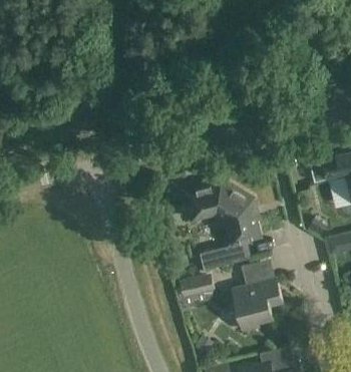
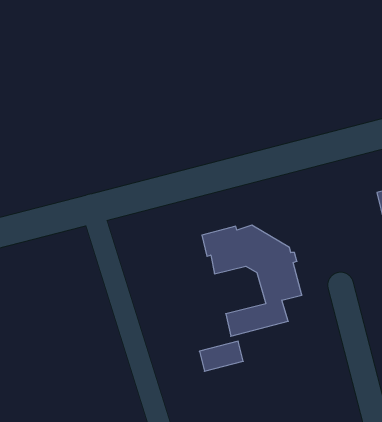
building: [233,261,283,331] -> none

